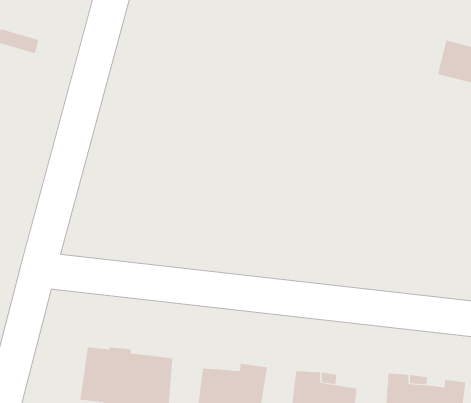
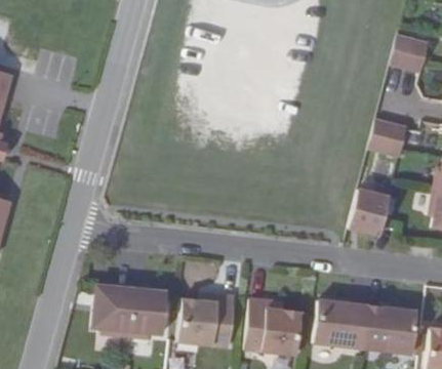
building: none -> [368,121,404,154]
building: none -> [347,186,386,232]

